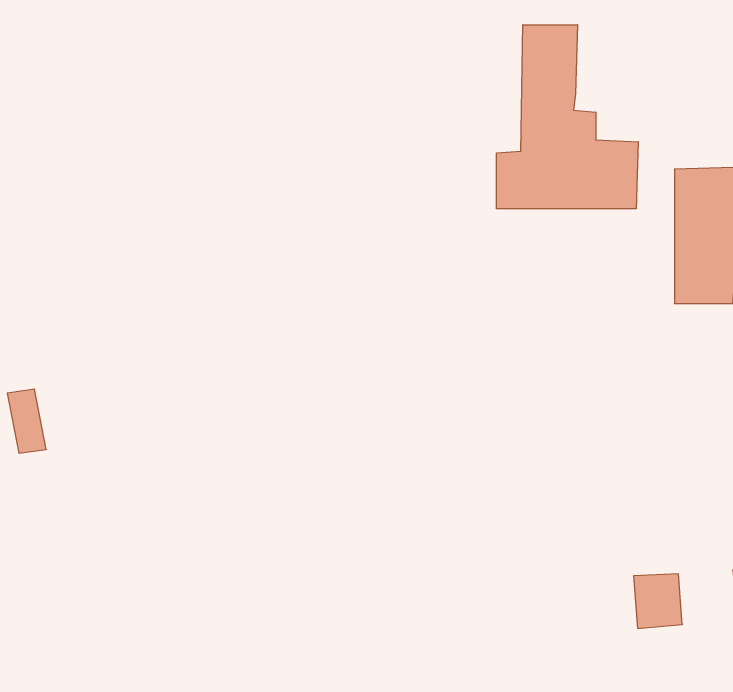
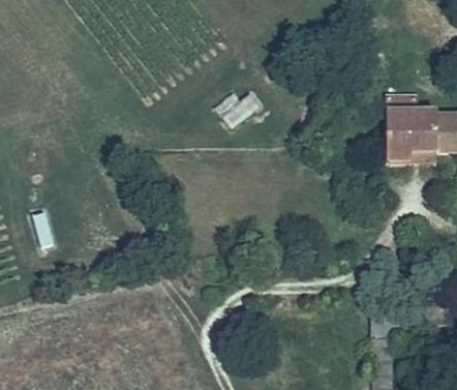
building: [497,25,638,209] -> none

